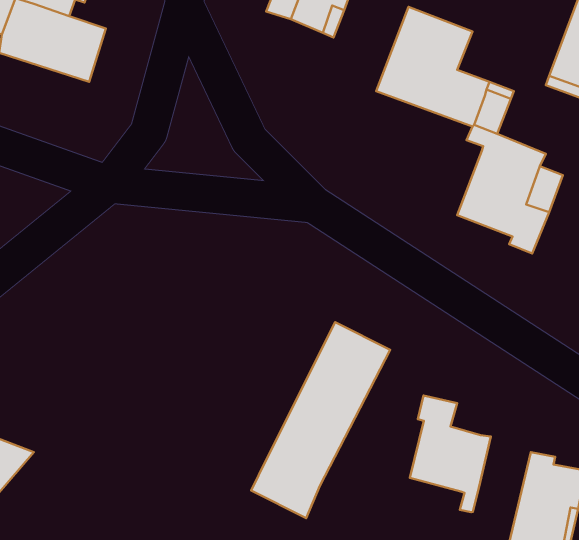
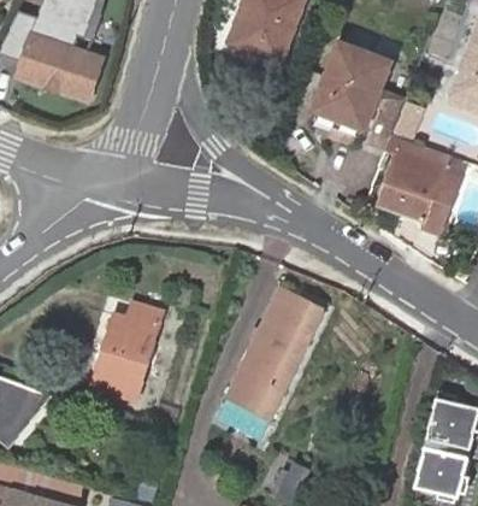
building: none -> [94,306,159,399]
building: [410,395,491,512] -> none

